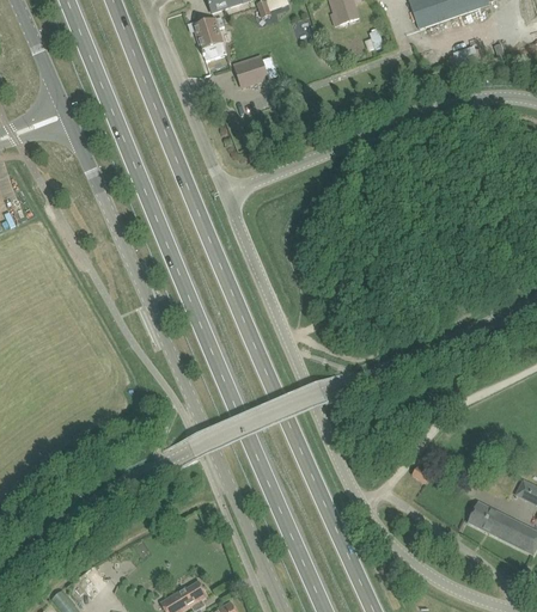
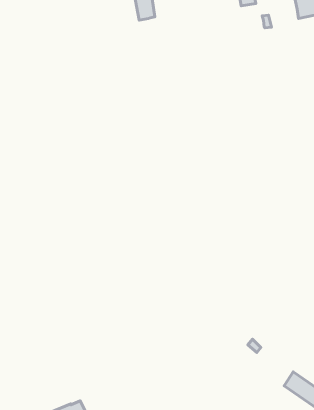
building: [234,57,276,85] -> none

